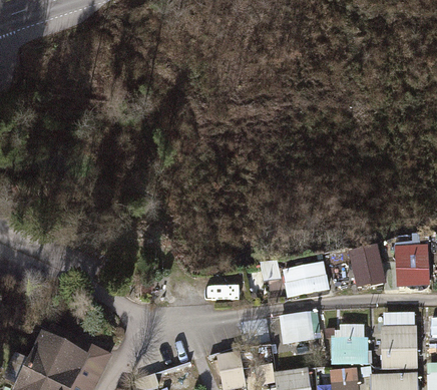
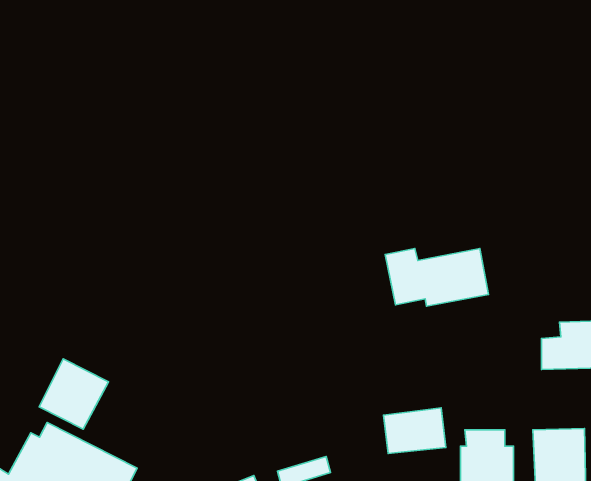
building: [349,251,383,284] -> none
building: [259,259,329,298] -> [385,249,489,306]
building: none -> [39,359,109,429]

